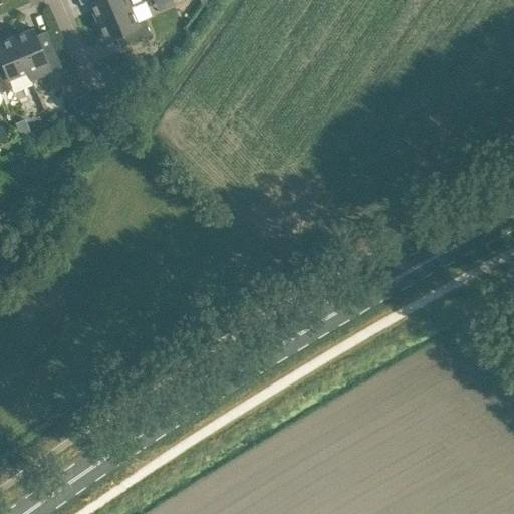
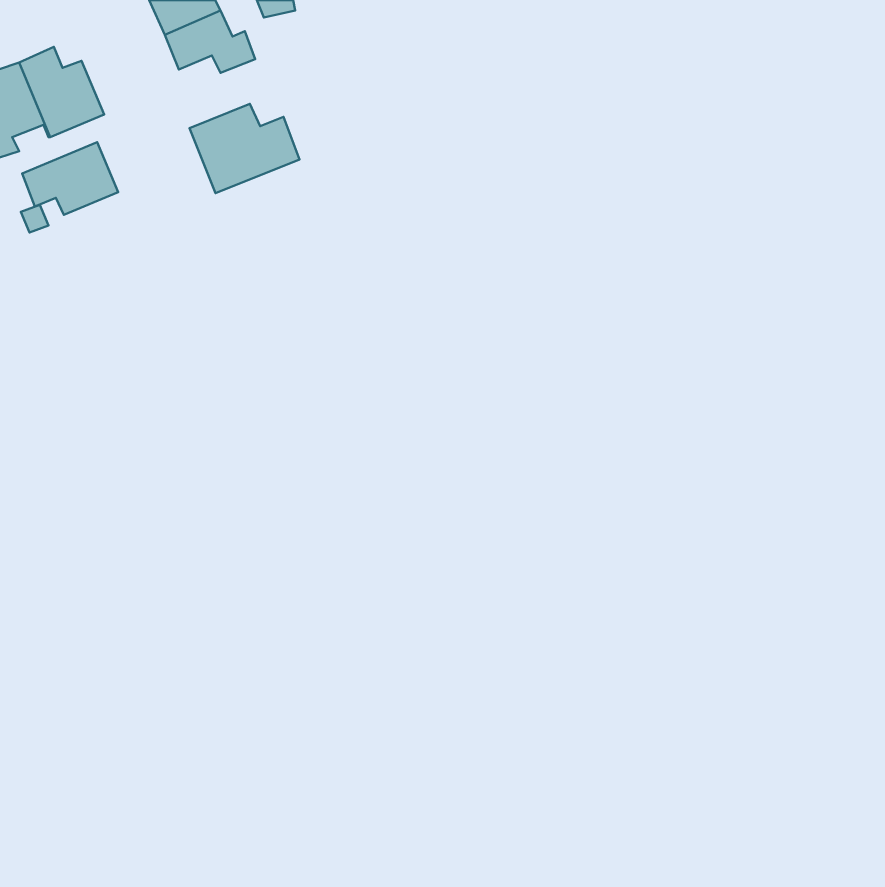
building: none -> [189,104,299,193]
building: none -> [22,142,118,215]

